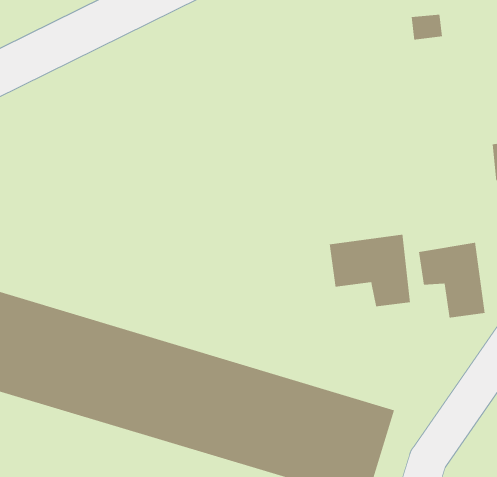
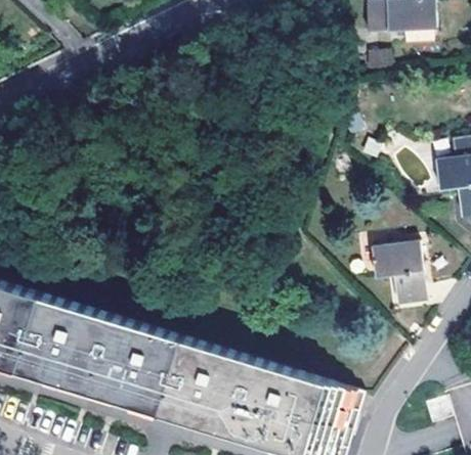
building: [329,234,410,307] -> none

